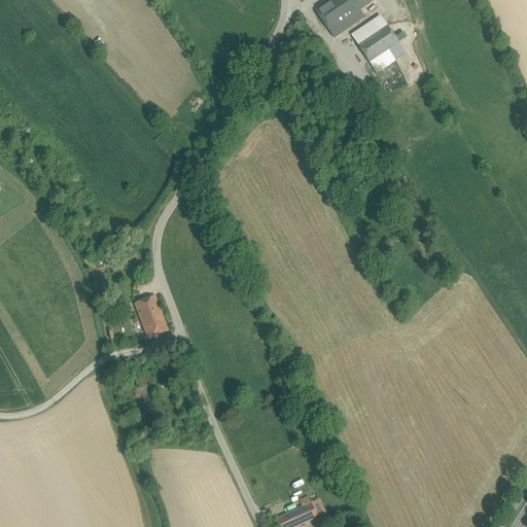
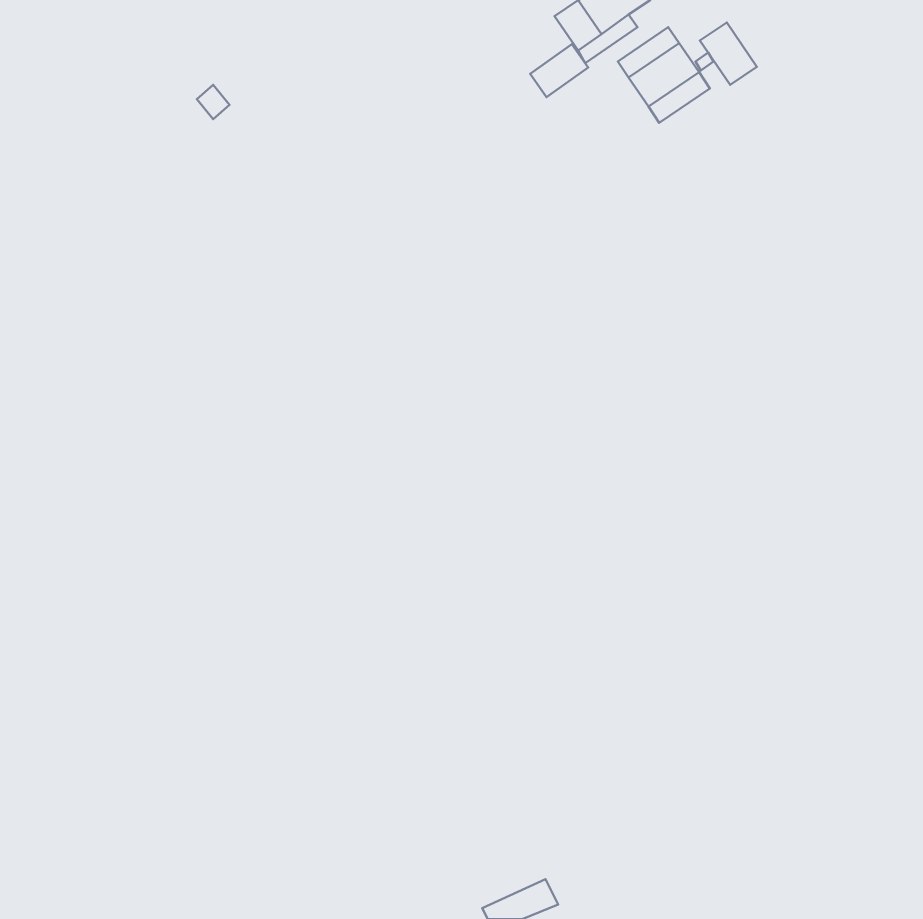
building: none -> [700,23,757,85]
building: none -> [530,44,588,97]
building: [135,295,168,338] -> none

